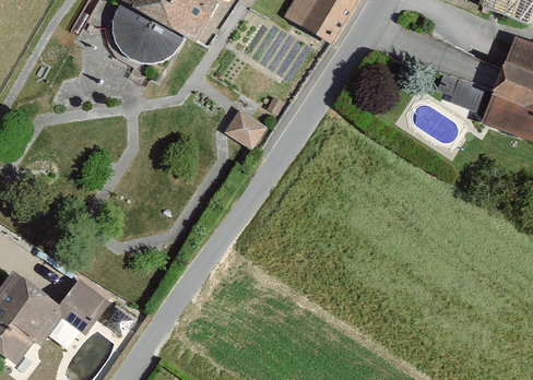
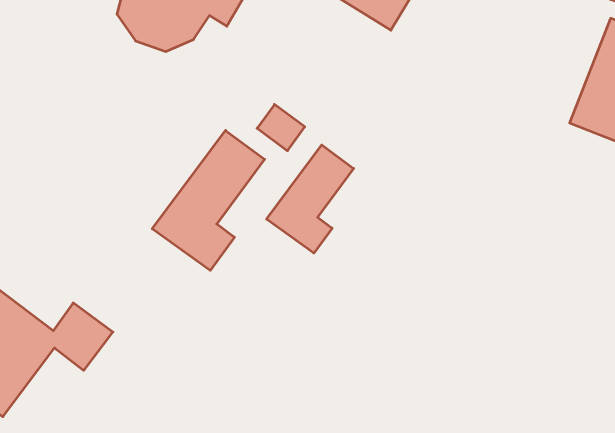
building: none -> [152,130,265,270]
building: none -> [267,145,354,253]

